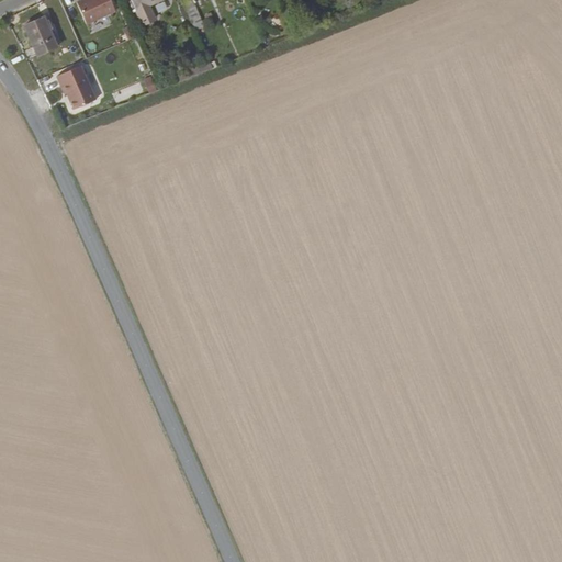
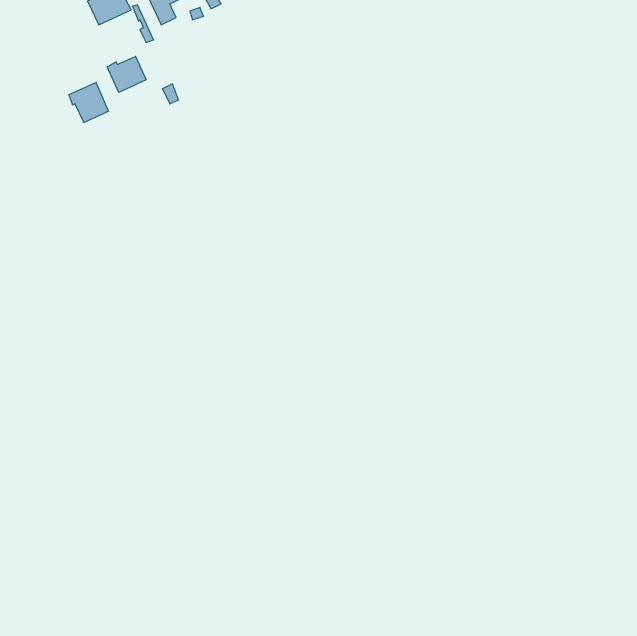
building: [24,15,60,54] -> none
building: none -> [107,56,146,92]

